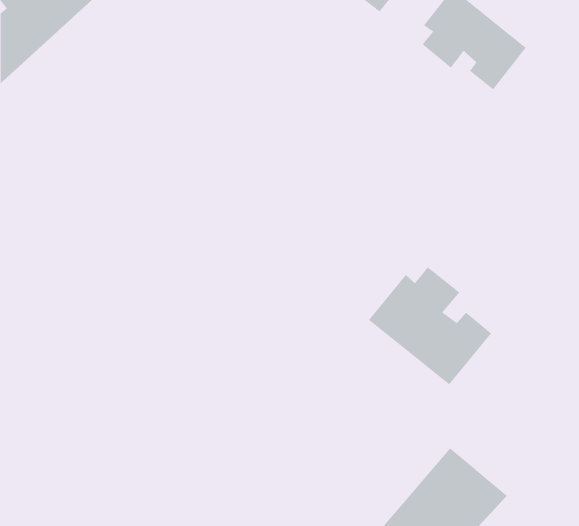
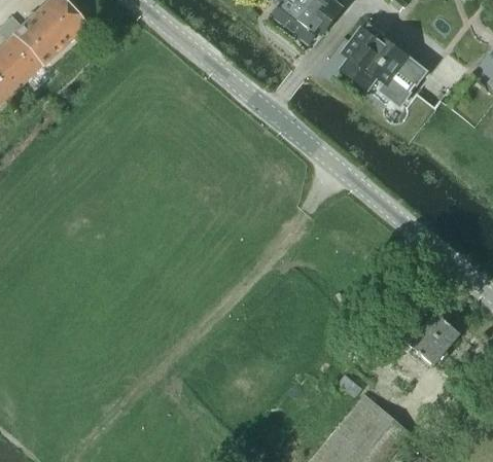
building: [368,267,492,385] -> none
building: none -> [401,315,460,366]

